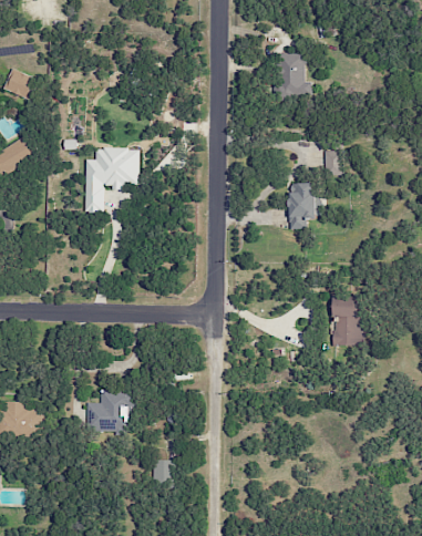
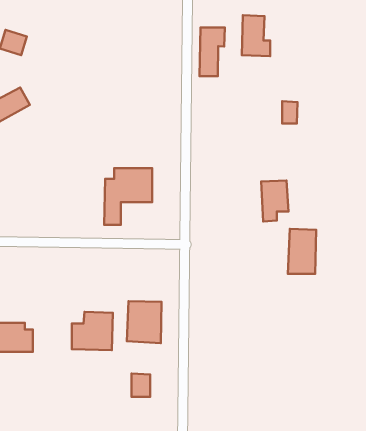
building: none -> [199,27,225,76]
building: [84,147,138,212] -> [104,168,152,225]
building: [288,182,319,228] -> [261,180,288,221]
building: none -> [127,301,161,343]

